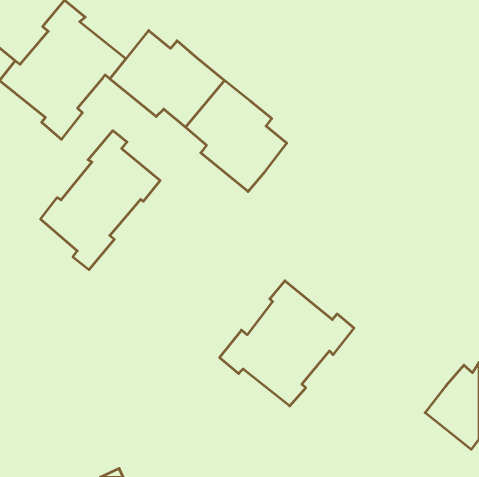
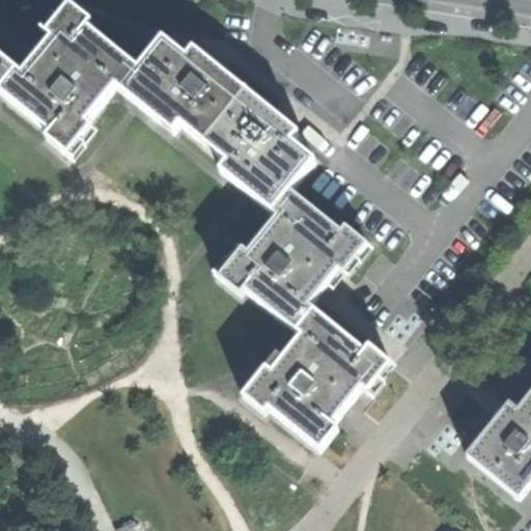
building: [41,131,160,270] -> none
building: none -> [218,188,366,327]

